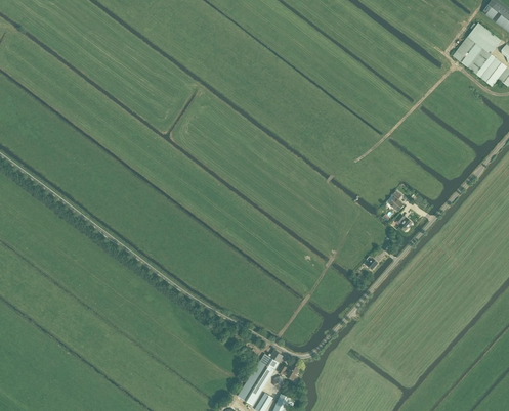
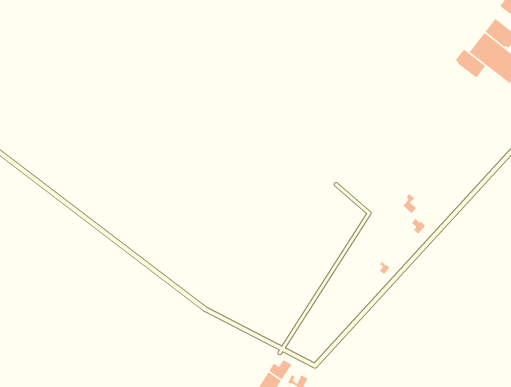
building: none -> [455,49,486,78]

